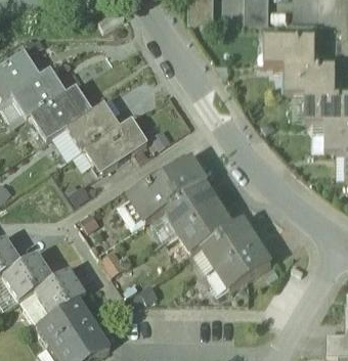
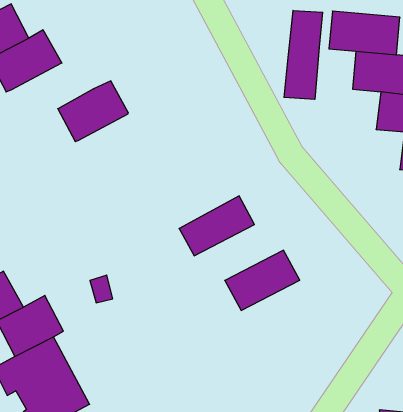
building: none -> [284,10,323,99]
building: [29,88,90,141] -> none
building: [82,120,145,172] -> none
building: [127,156,207,223] -> none
building: [177,202,235,254] -> none
building: [216,241,272,290] -> none

